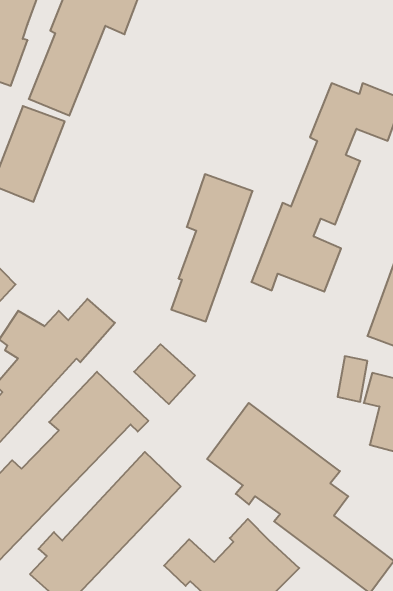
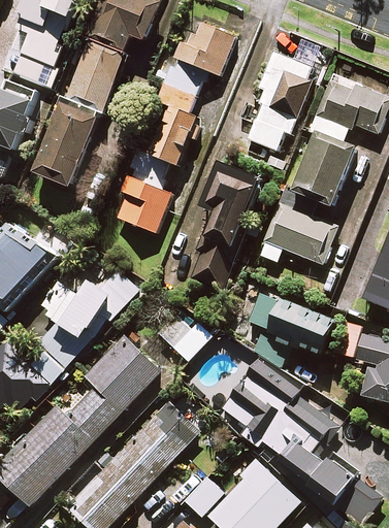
building: none -> [116,23,233,232]
building: none -> [246,53,314,162]
building: none -> [248,292,333,369]

